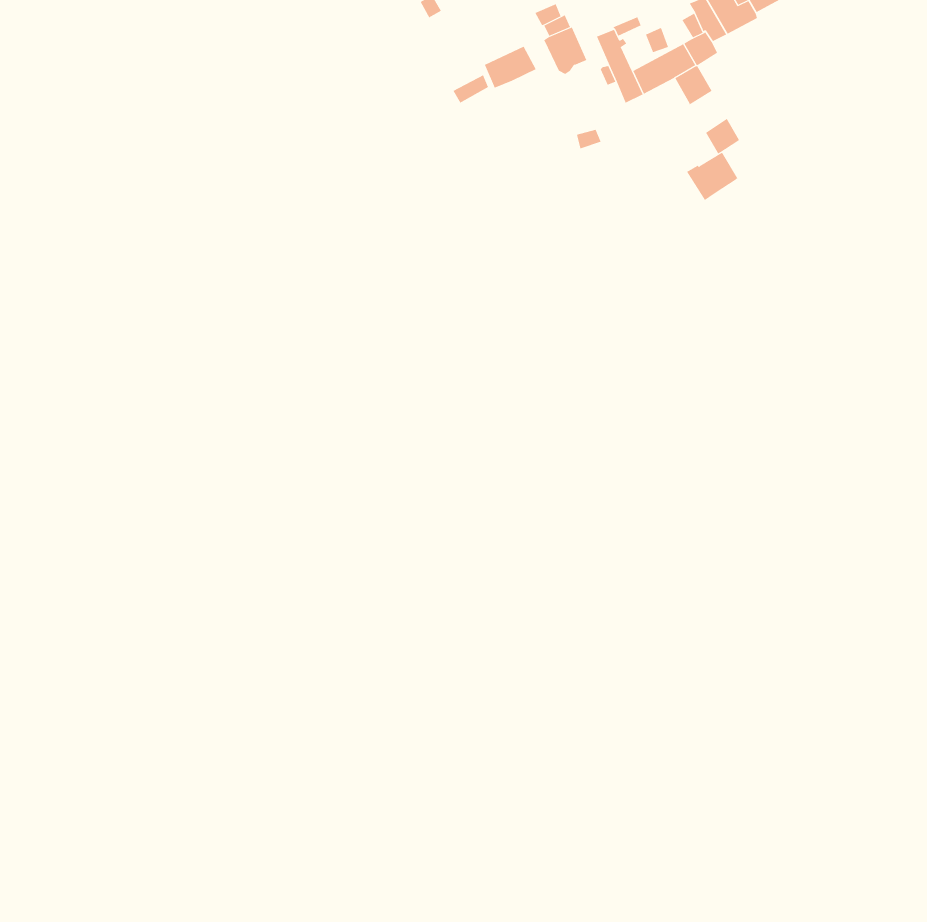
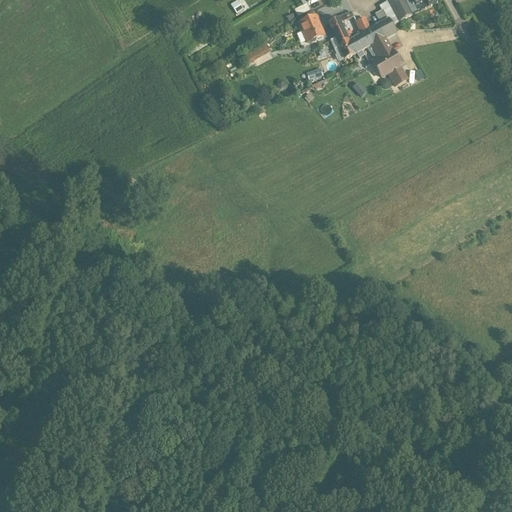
building: [484,46,536,88] -> none
building: [686,152,739,201] -> [373,50,402,77]

